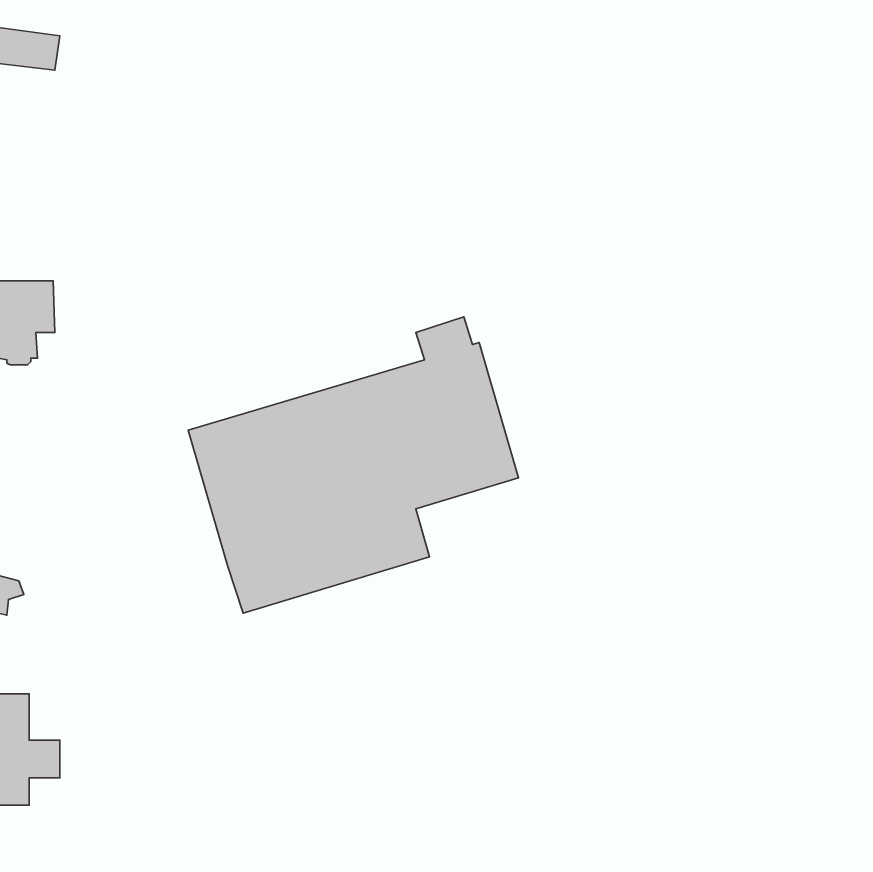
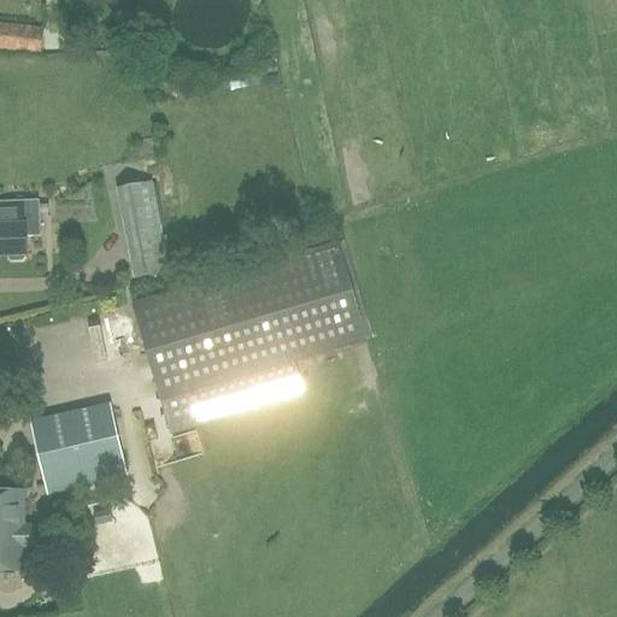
building: none -> [113,178,169,275]
building: none -> [28,399,127,494]

